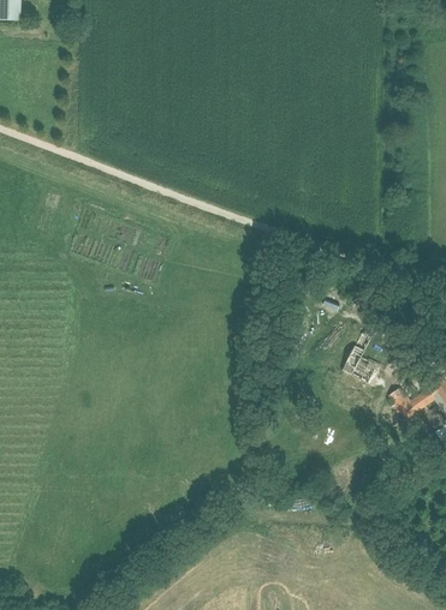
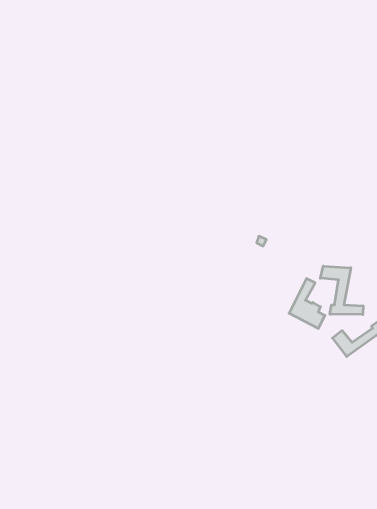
building: none -> [320,266,363,315]

